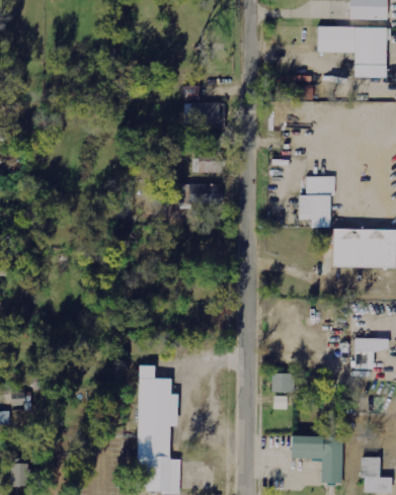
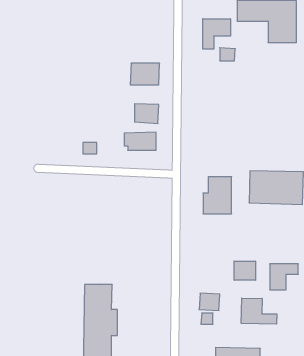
building: none -> [203,19,230,49]
building: [297,177,330,221] -> [203,177,232,214]
building: none -> [234,261,256,280]
building: none -> [241,298,277,324]

